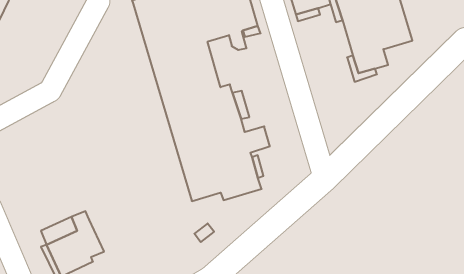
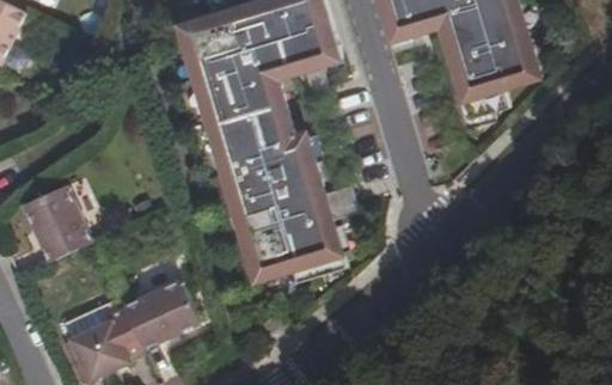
building: none -> [23,183,92,259]
building: none -> [126,279,200,346]

